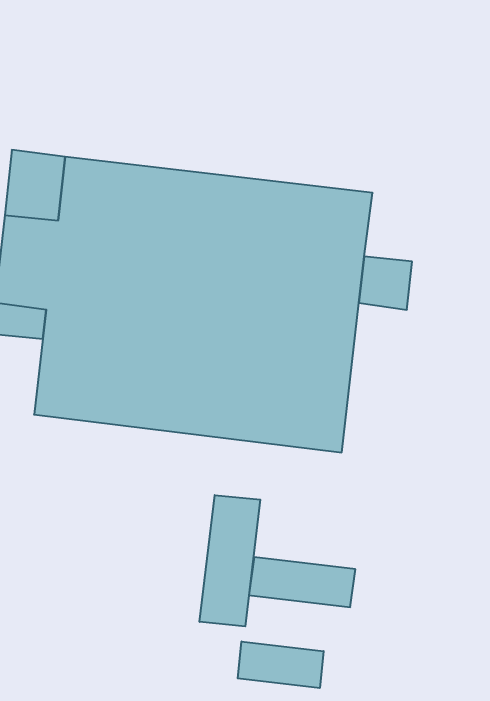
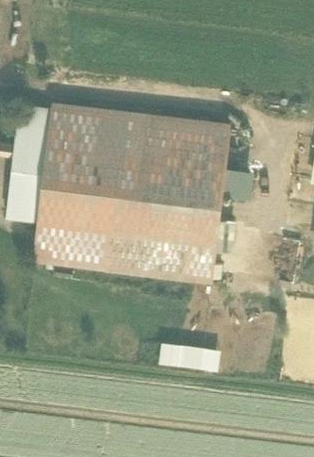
building: [200,495,260,626] -> none
building: [238,641,324,688] -> none

